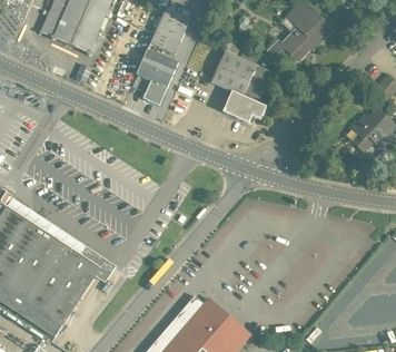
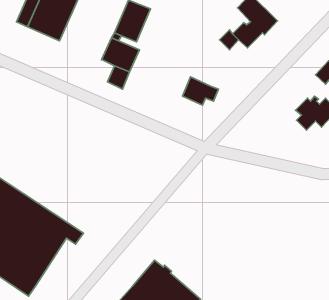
building: [210,51,270,102] -> none

